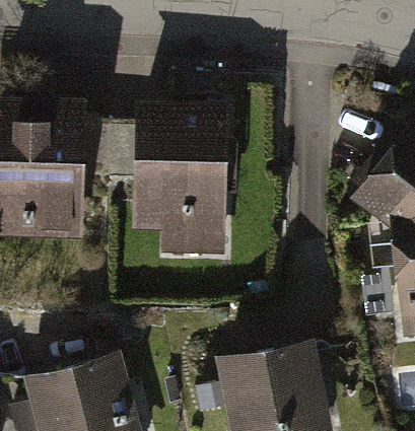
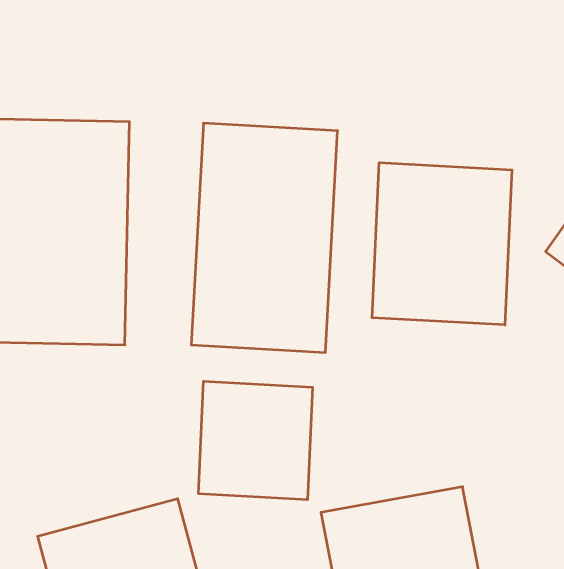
building: none -> [372,163,512,325]
building: none -> [199,381,312,500]

